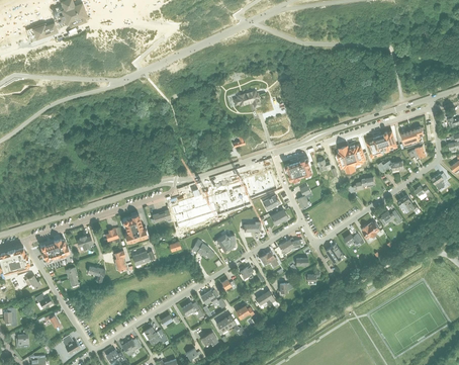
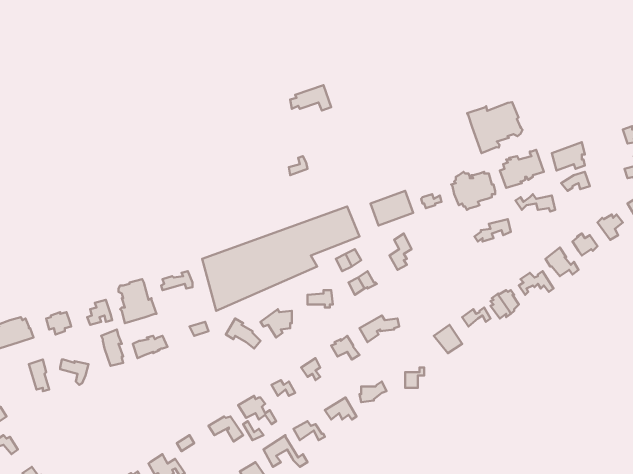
building: none -> [467,102,522,153]

